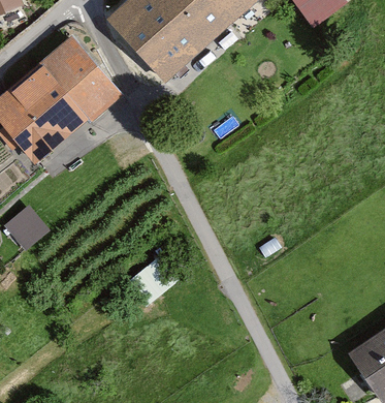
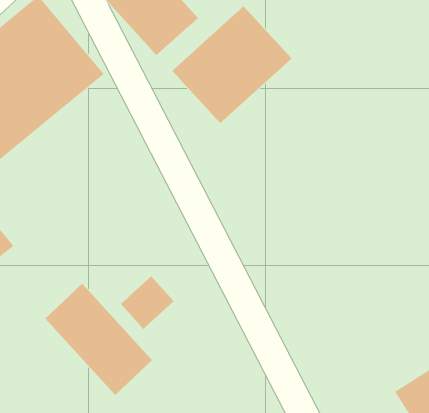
building: none -> [171,6,292,124]
building: none -> [44,283,153,396]

